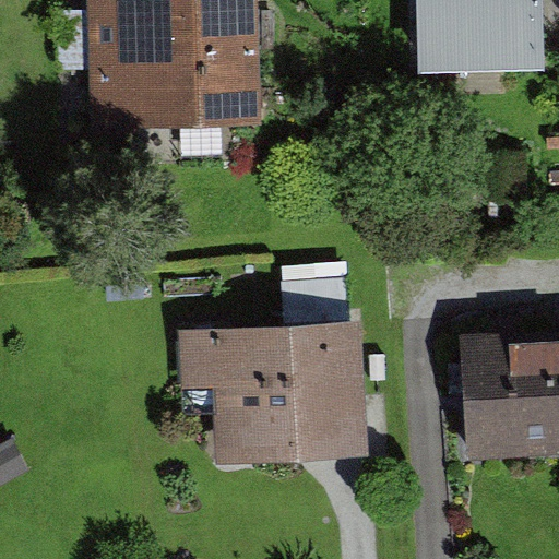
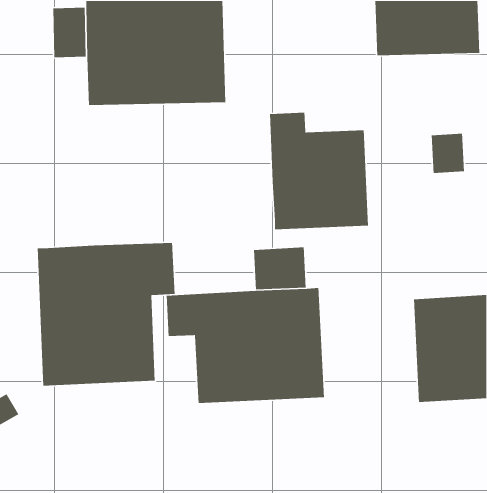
building: none -> [269,112,369,230]
building: none -> [37,242,175,387]

